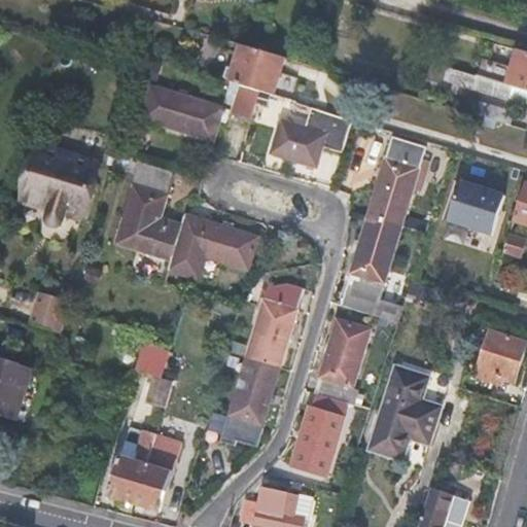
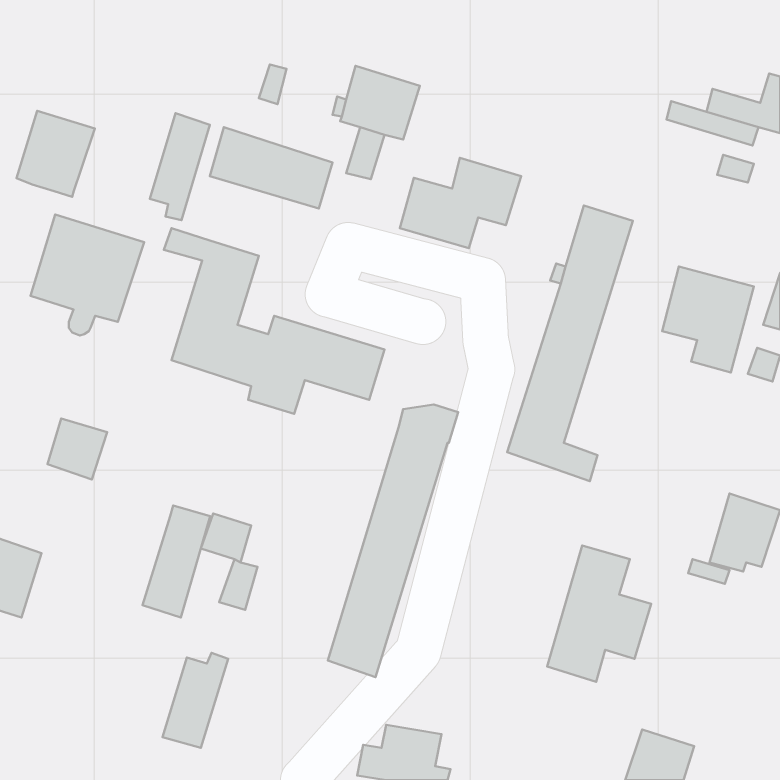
building: none -> [16,111,95,197]
building: none -> [150,113,210,220]
building: [290,318,370,476] -> none
building: [135,435,180,511] -> [143,505,210,617]

